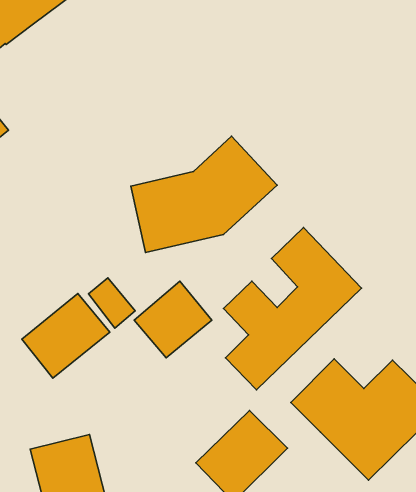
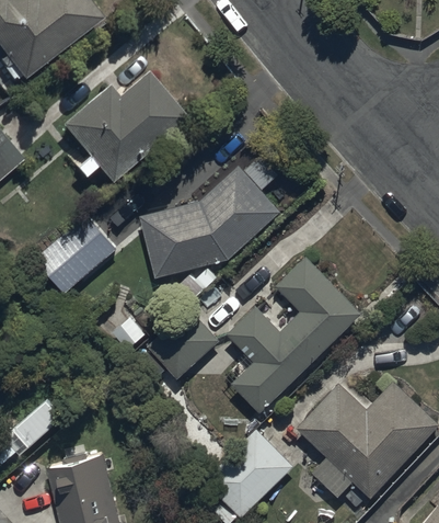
building: none -> [61,70,186,181]
building: [22,293,110,378] -> [35,212,119,293]

